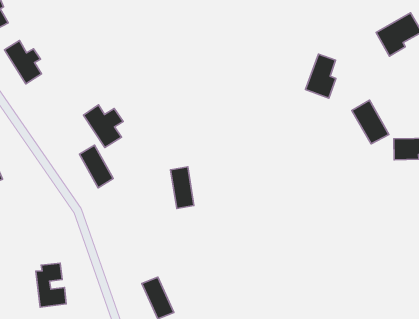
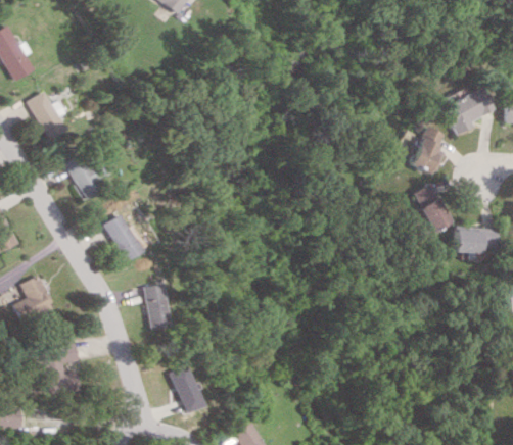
building: [305,54,336,98] -> [410,126,446,176]
building: [83,105,123,147] -> [65,152,109,200]
building: [171,167,194,209] -> [144,284,168,330]
building: none -> [19,275,54,318]

